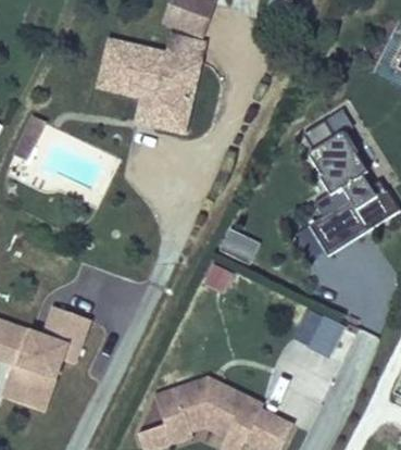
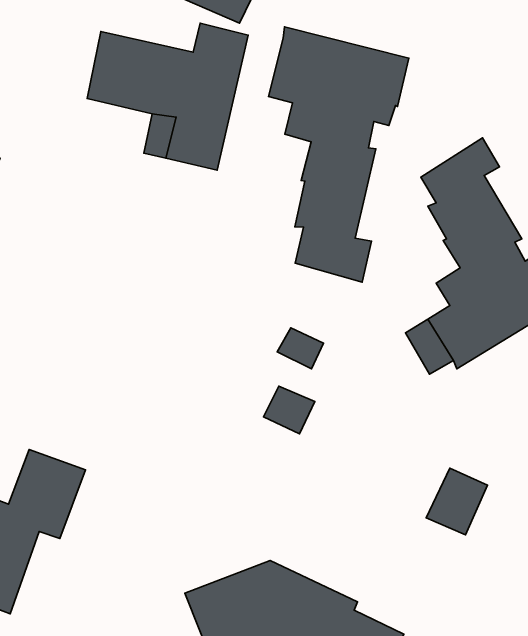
building: none -> [269,27,409,282]

